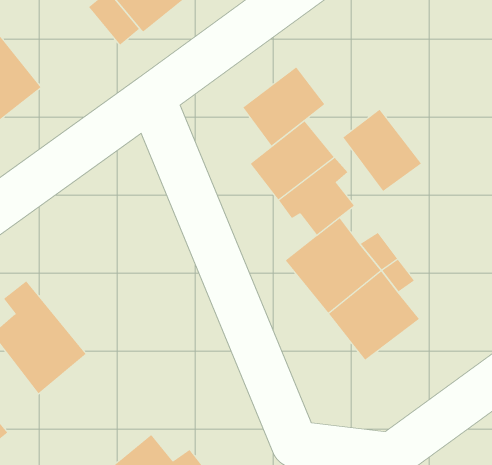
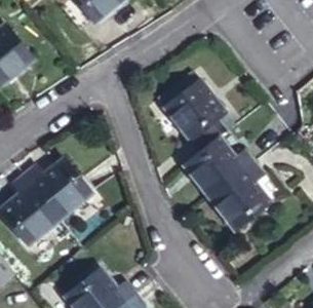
building: [243,67,325,147] -> none
building: [342,109,422,192] -> none
building: none -> [25,160,92,221]

